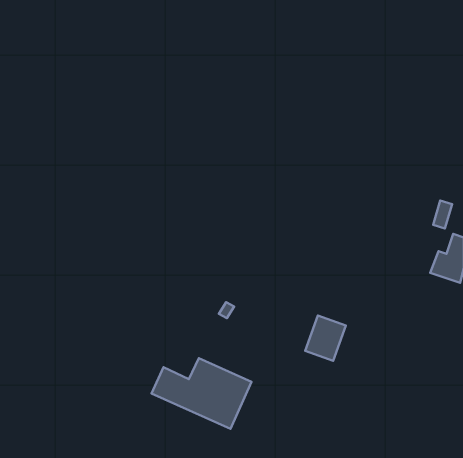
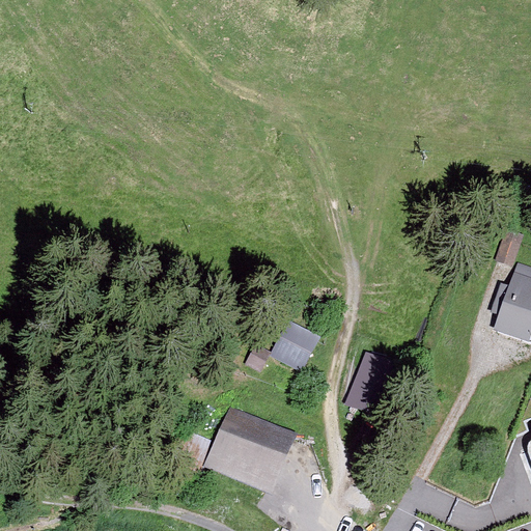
building: none -> [277,320,316,363]

